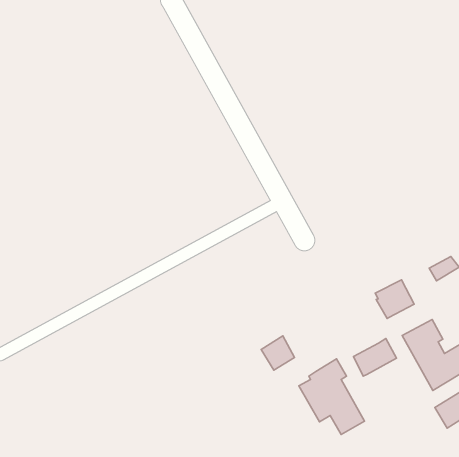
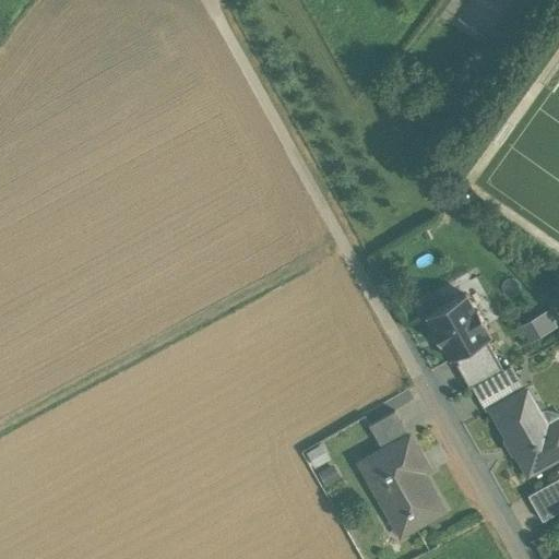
building: none -> [427,297,491,362]
building: [261,336,295,370] -> [369,413,409,454]
building: [353,339,397,376] -> [473,367,525,413]

